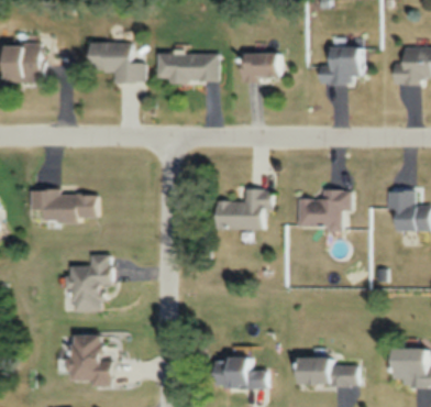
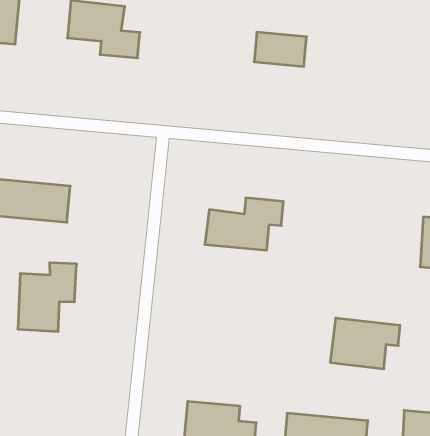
building: [317,46,365,81] -> none
building: [156,53,220,81] -> none
building: [297,193,351,230] -> [330,318,400,369]
building: [68,334,111,384] -> none

